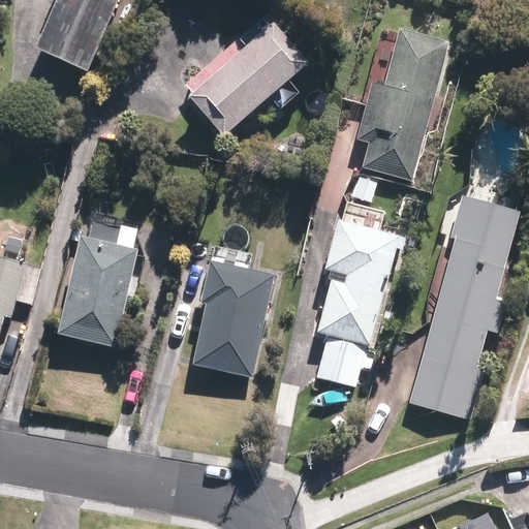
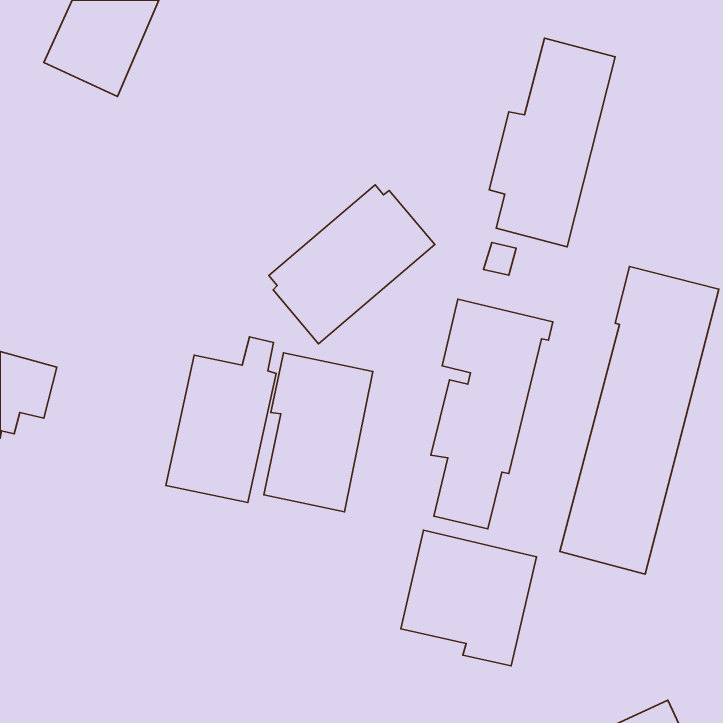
building: [186,19,307,134] -> [269,185,435,344]
building: [57,222,137,343] -> [166,337,276,503]
building: none -> [401,530,536,666]

